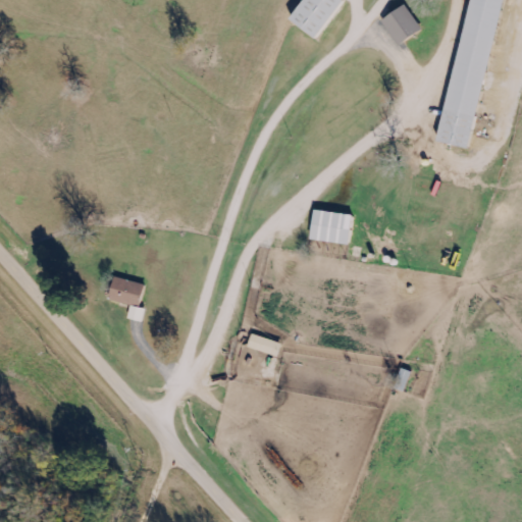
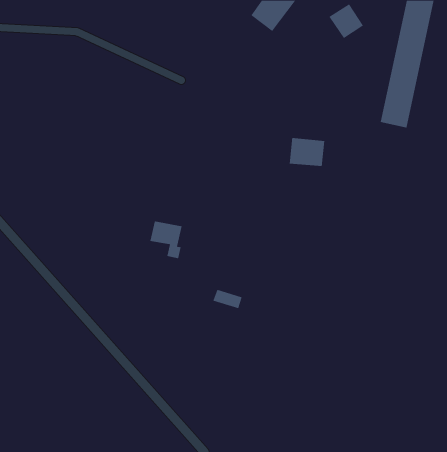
building: [308,209,350,243] -> [289,137,325,167]
building: [106,276,144,320] -> [150,221,182,259]

